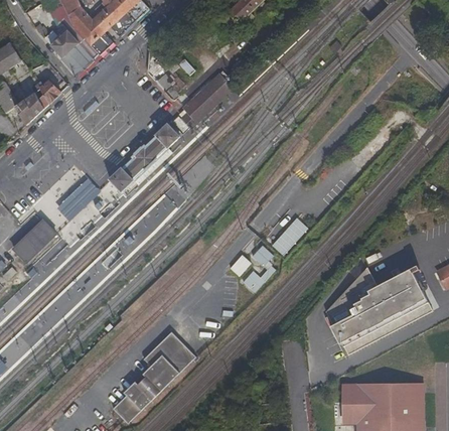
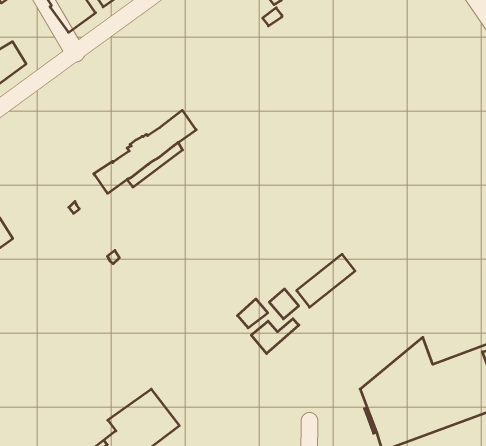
building: [181,75,232,128] -> none
building: [32,77,59,104] -> none
building: [56,177,101,221] -> none

